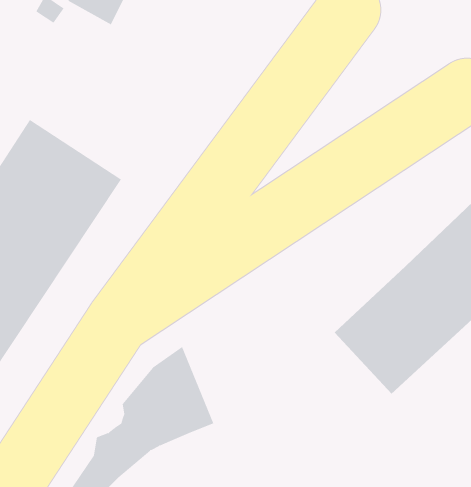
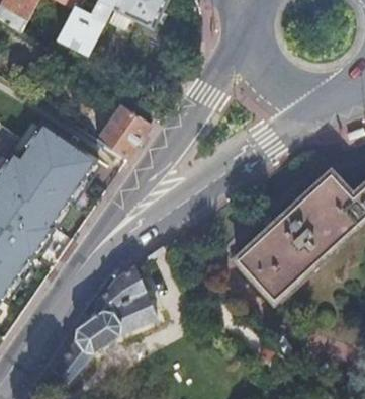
building: none -> [96,104,150,158]

